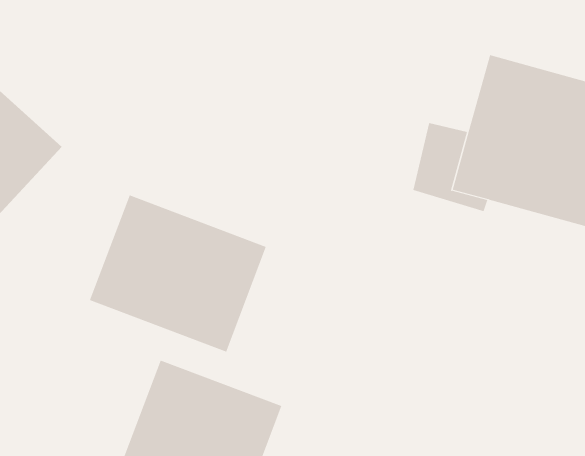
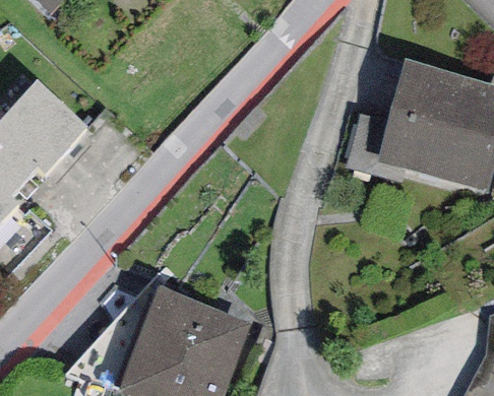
building: [89,194,266,352] -> none

